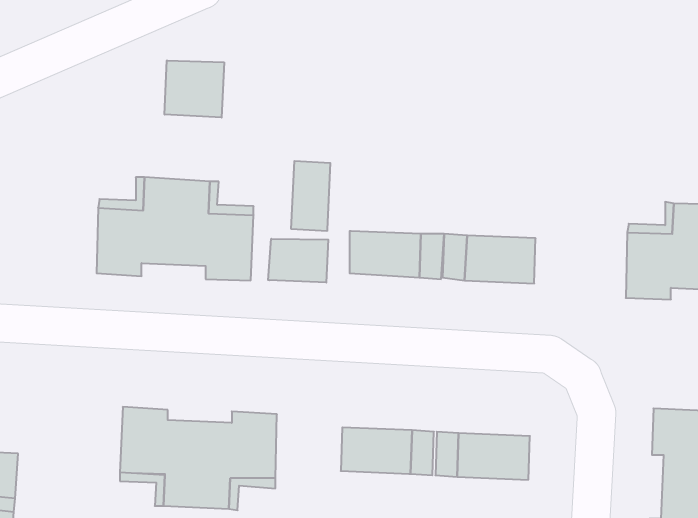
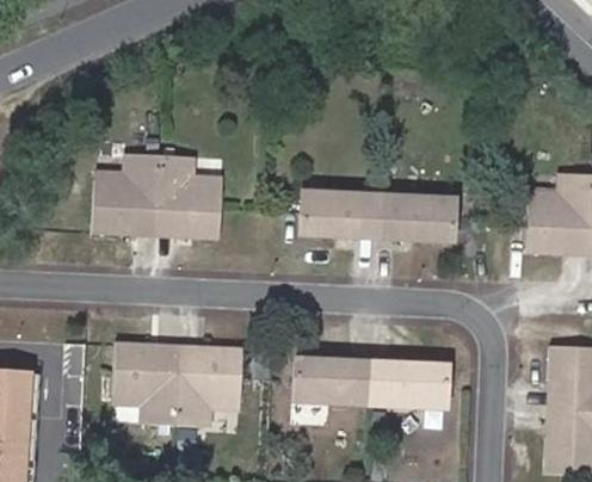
building: [165,60,224,118] -> none
building: [291,161,330,231] -> none
building: [268,239,328,283] -> none

